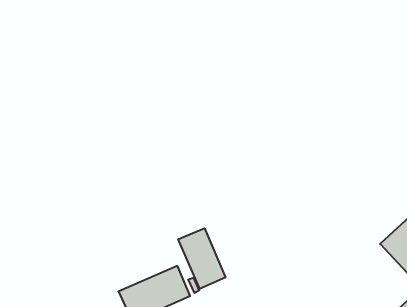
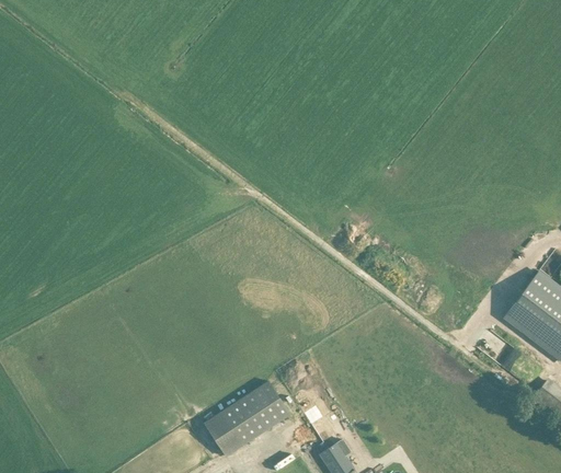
building: [178,228,225,289] -> none

